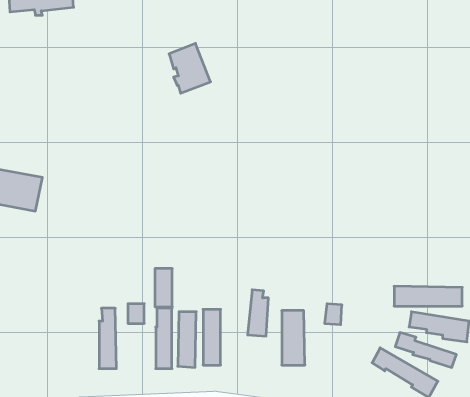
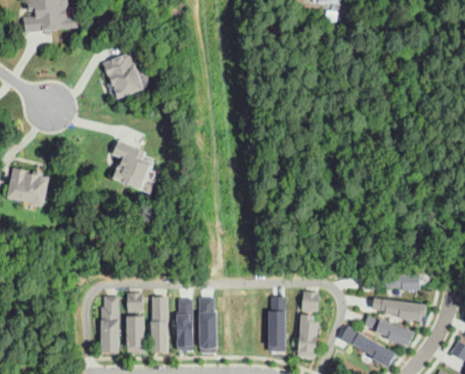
building: [169,43,211,93] -> [104,55,141,99]
building: none -> [113,144,155,186]
building: [155,269,172,307] -> [129,314,144,347]
building: [248,290,268,336] -> [298,314,317,355]

